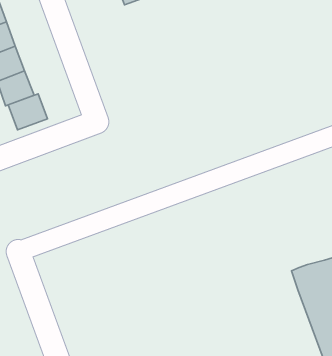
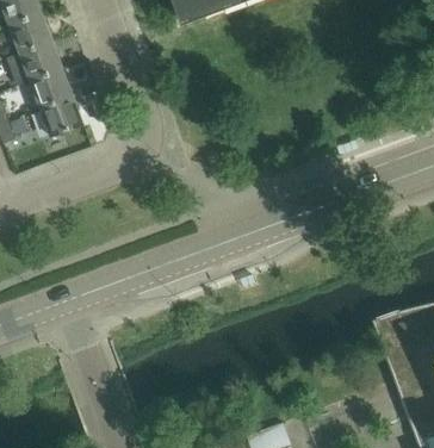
building: [8,94,48,130] -> none

